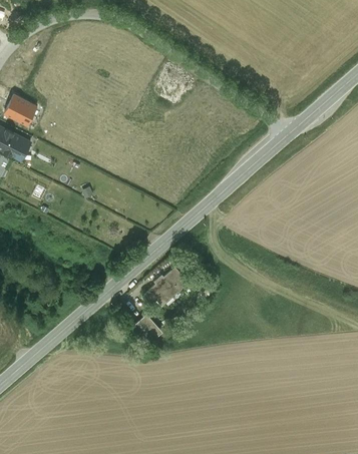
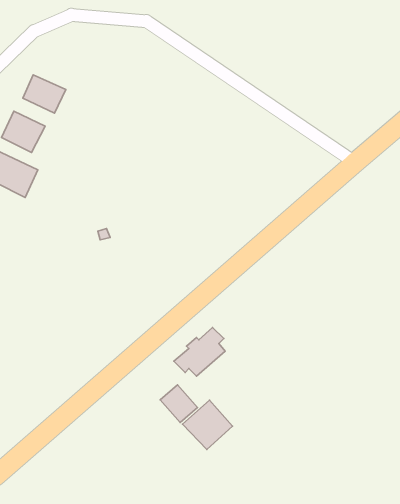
building: none -> [23,75,66,113]
building: none -> [183,400,232,450]

